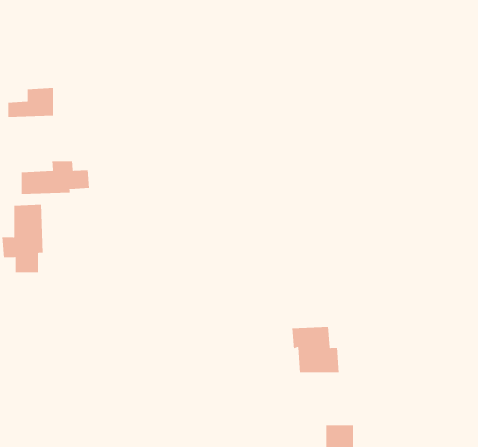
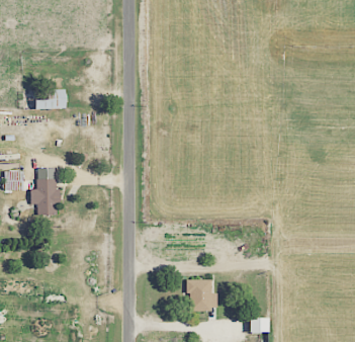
building: [21,161,89,195] -> none
building: [292,327,339,373] -> [185,279,217,311]

